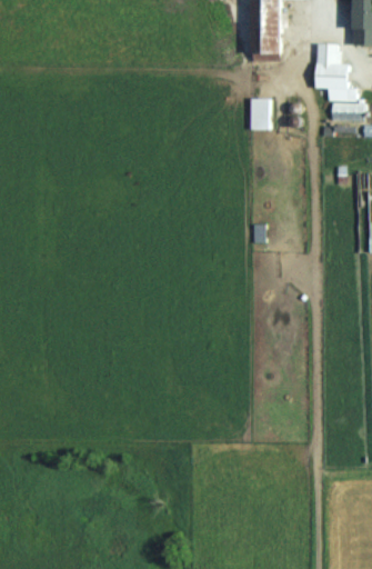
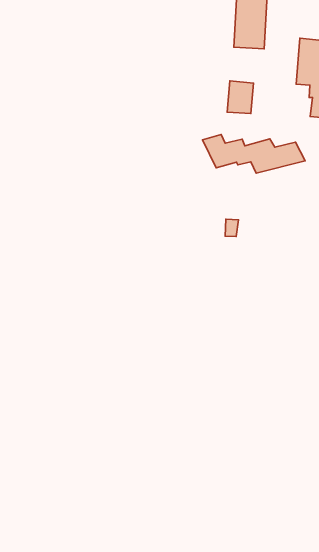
building: none -> [202,135,305,173]

